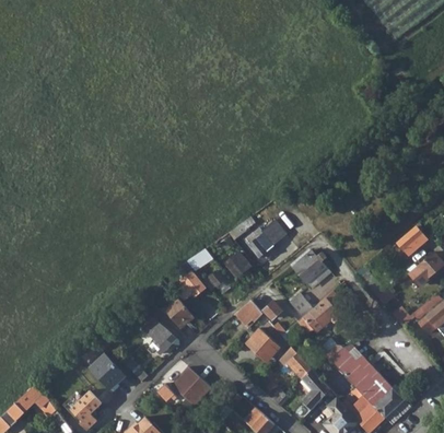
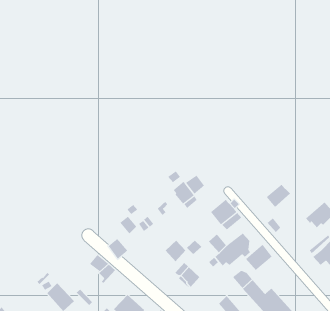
building: [397,227,428,257] -> [266,184,291,208]
building: none -> [245,244,272,271]
building: [283,346,312,378] -> none

